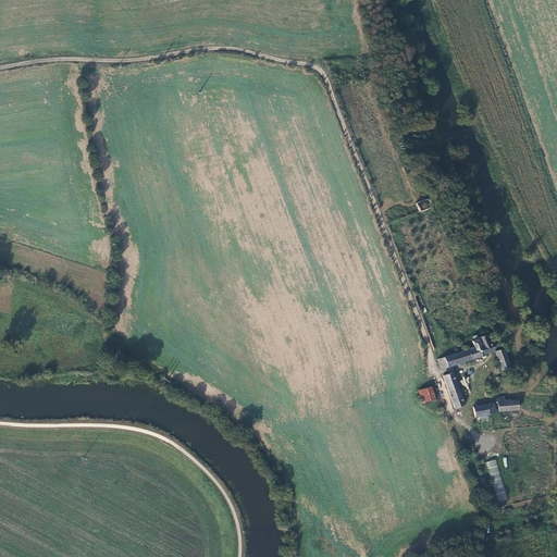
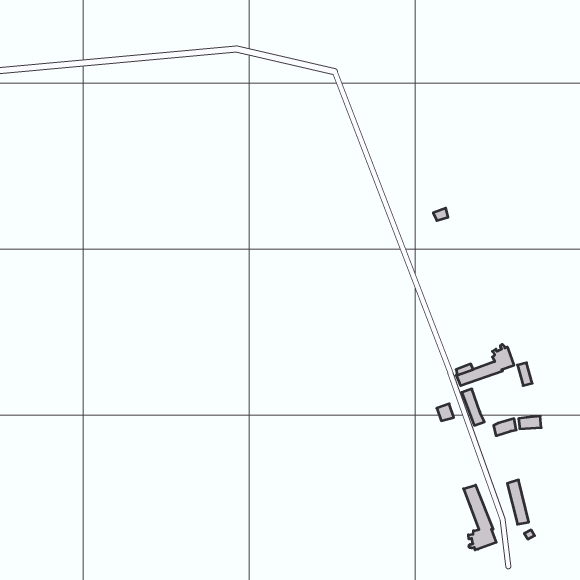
building: none -> [463,485,496,550]

